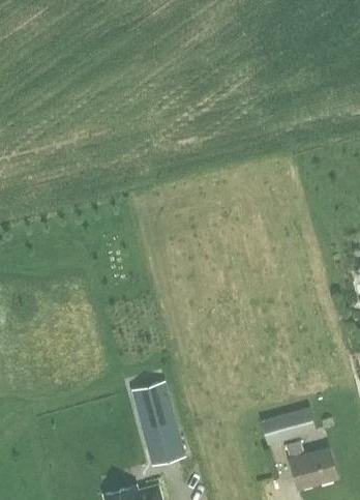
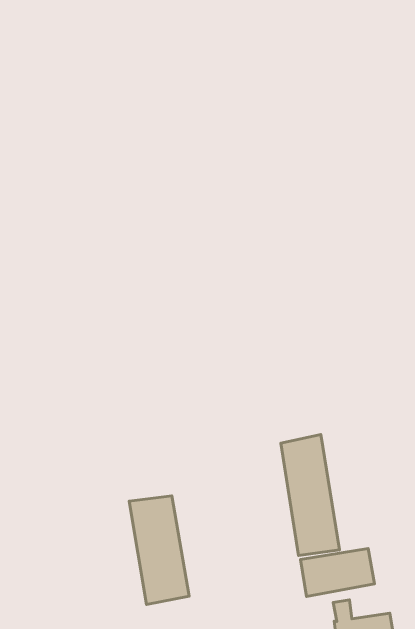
building: none -> [281,434,340,555]

